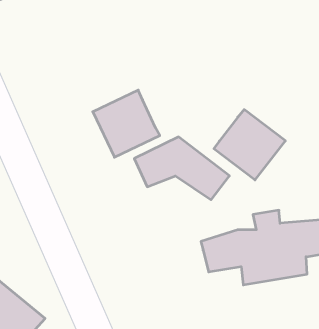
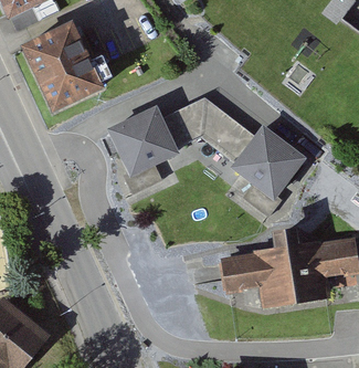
building: none -> [20,24,101,113]
building: [134,137,229,200] -> [157,95,254,159]

